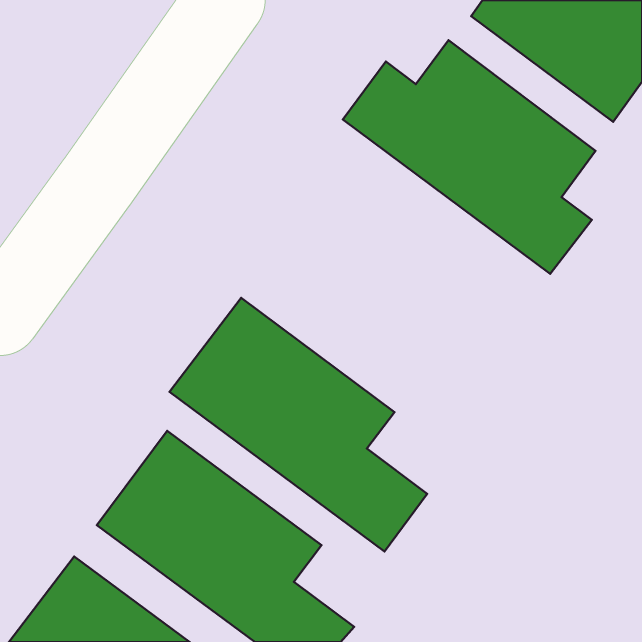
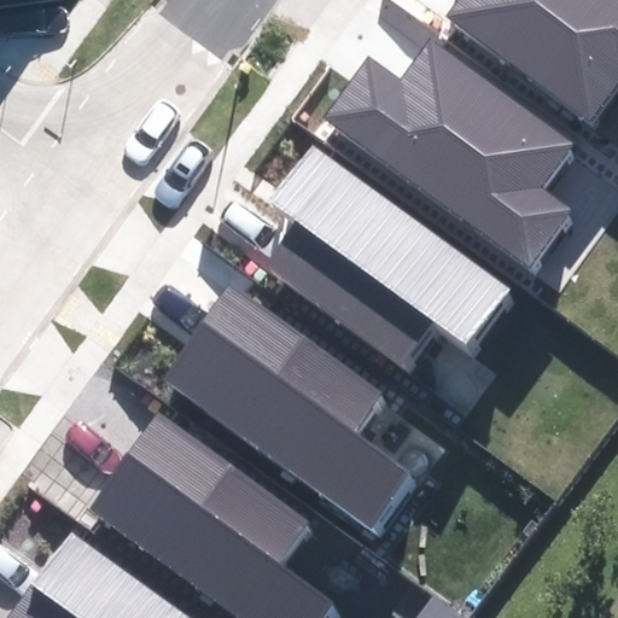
building: none -> [268,148,507,363]

